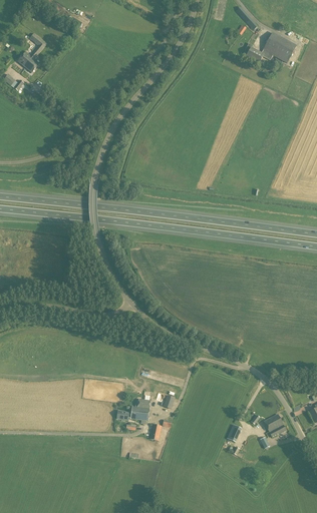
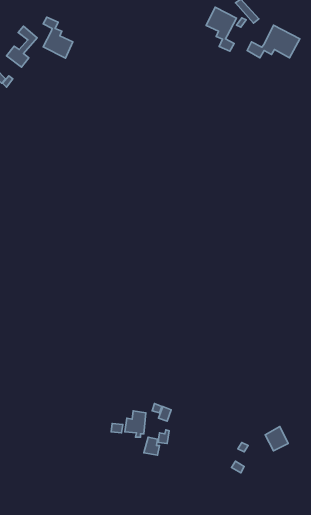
building: none -> [206,7,236,51]
building: none -> [43,17,73,58]

